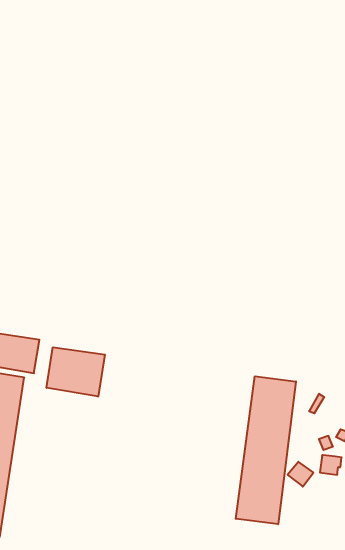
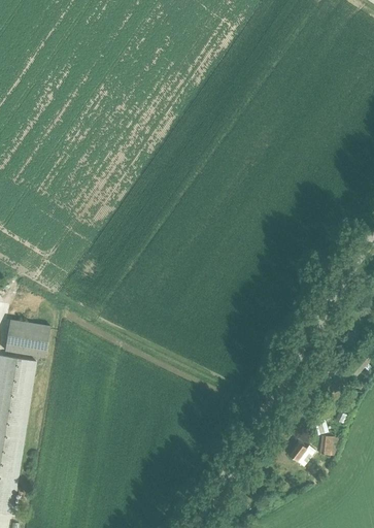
building: [47,347,105,397] -> none
building: [236,376,296,524] -> none

